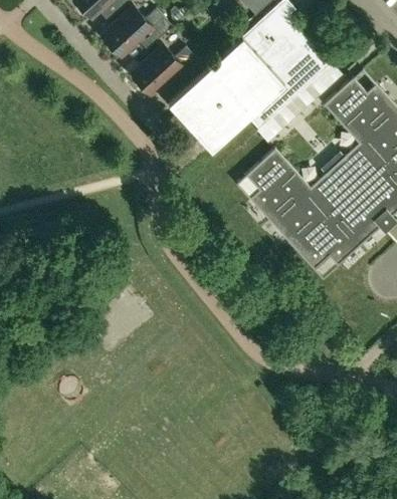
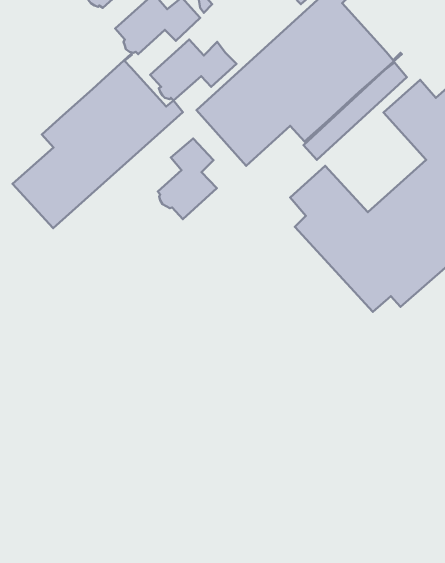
building: none -> [13,54,183,228]
building: none -> [158,138,217,219]

